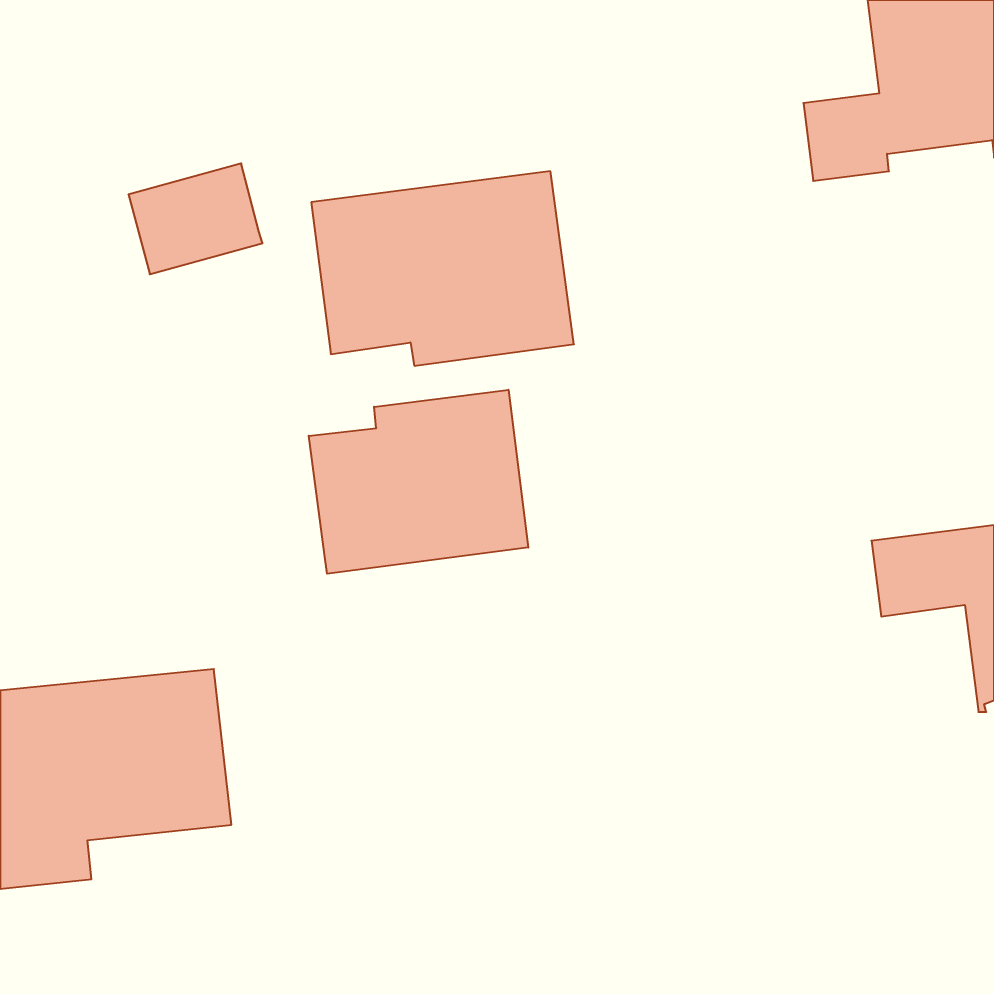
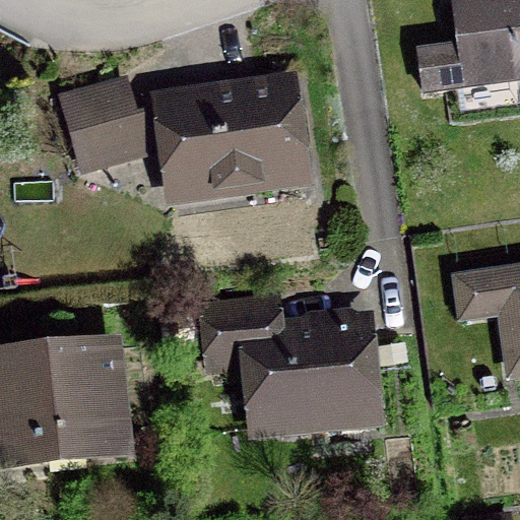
building: [309,390,528,574] -> none
building: none -> [208,306,368,431]

